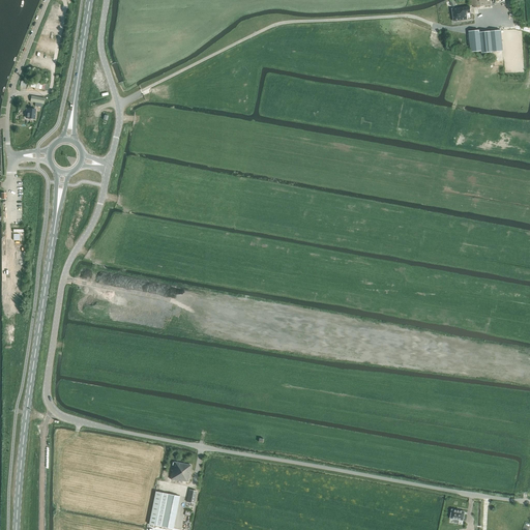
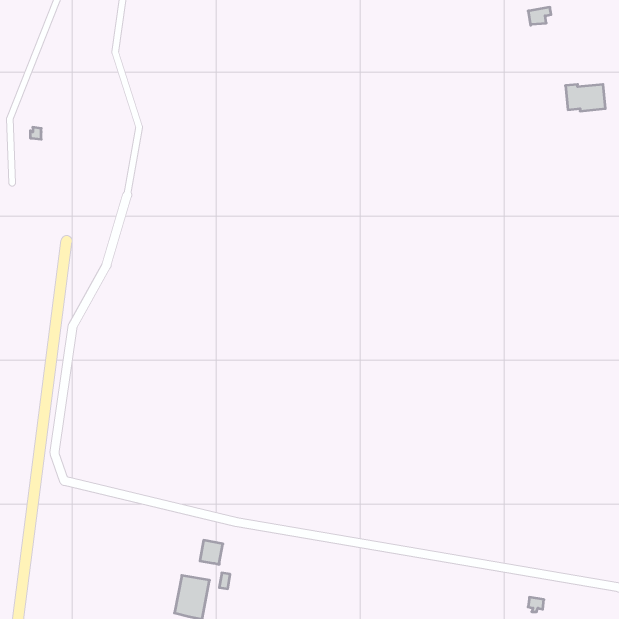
building: [469,30,503,53] -> [565,84,605,111]

